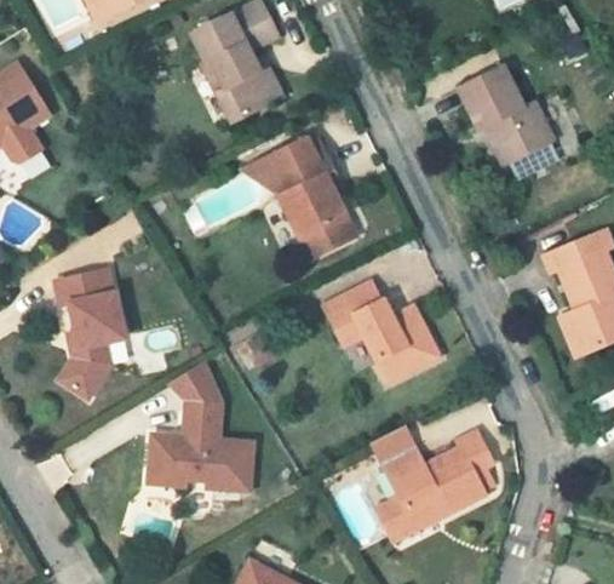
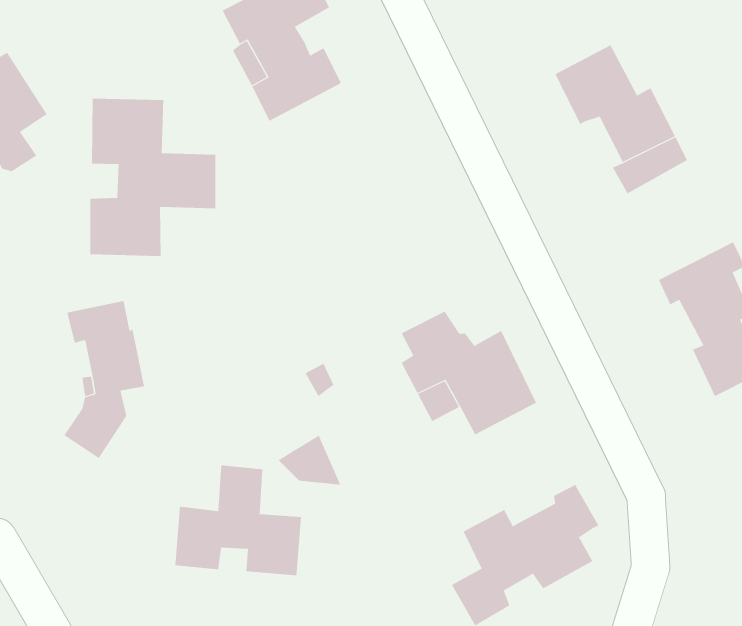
building: none -> [90,98,216,257]
building: [272,137,352,258] -> none
building: [168,368,220,410] -> [278,435,341,485]

